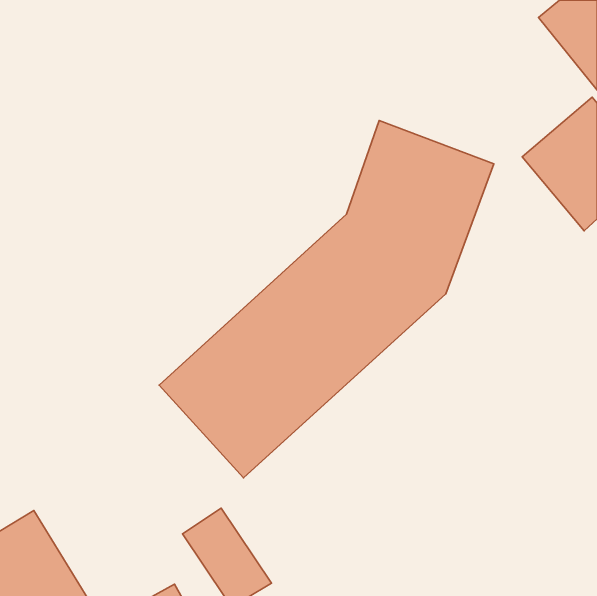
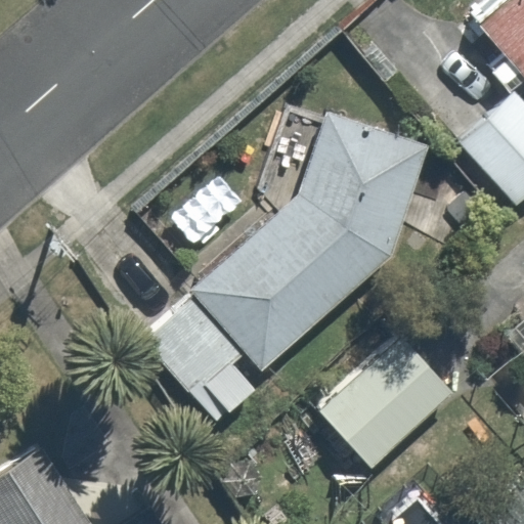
building: none -> [323,332,463,465]

